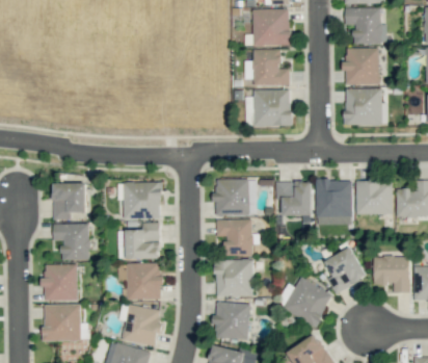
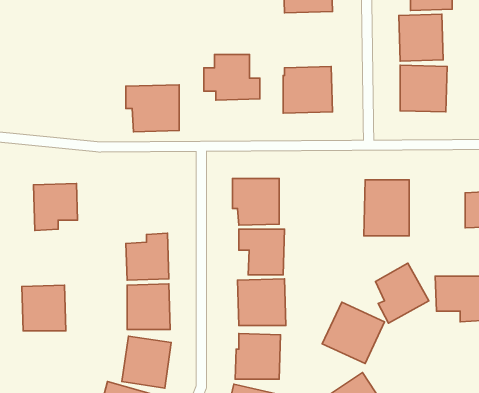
building: [244,50,289,86] -> [204,55,260,100]
building: [356,181,393,214] -> none
building: [117,182,160,219] -> [126,85,179,132]
building: [276,182,313,216] -> none
building: [53,224,89,260] -> none
building: [43,305,80,341] -> none

